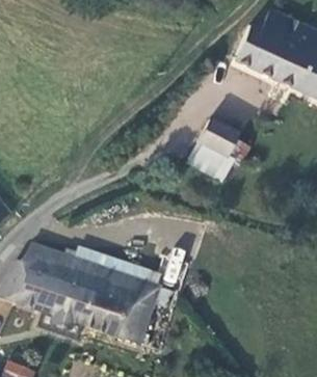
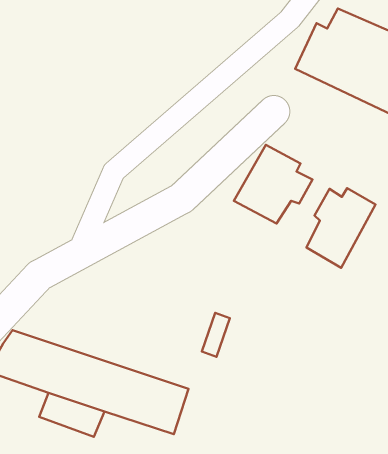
building: none -> [306,188,375,268]
building: [18,245,163,307] -> none

